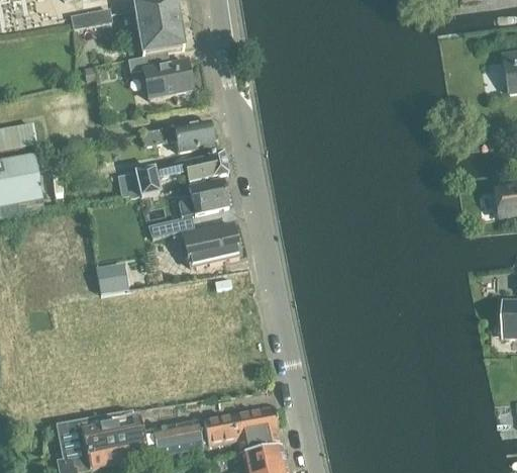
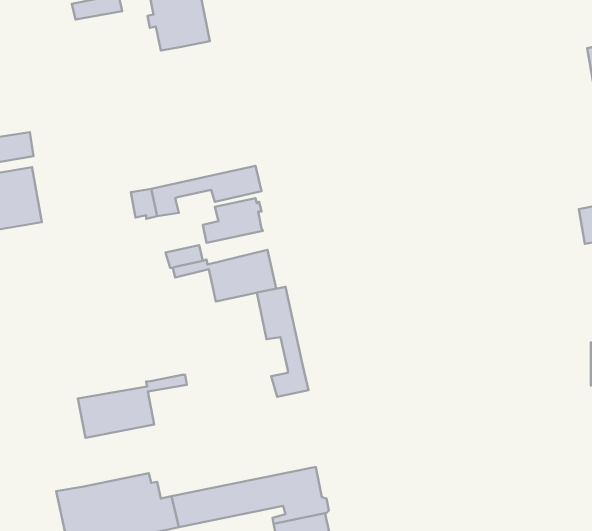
building: [127,52,193,99] -> none
building: [141,120,216,151] -> none
building: none -> [257,287,308,397]
building: [96,264,124,292] -> none
building: none -> [78,375,187,438]

